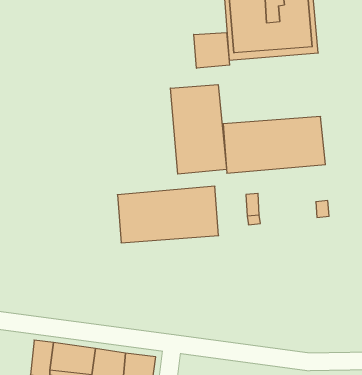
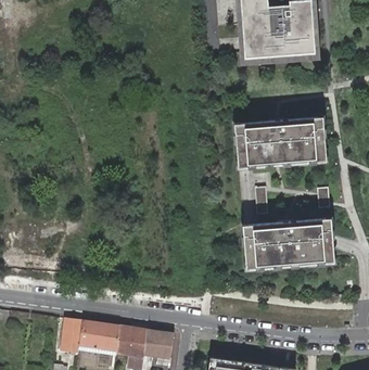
building: [194,33,230,68] -> none
building: [170,85,226,174] -> none
building: [117,186,219,243] -> [243,217,334,268]

